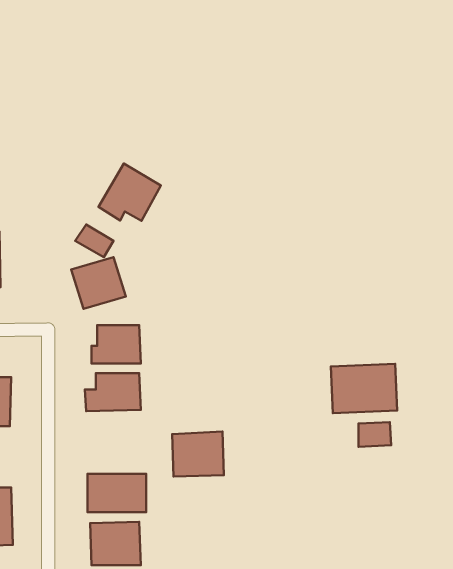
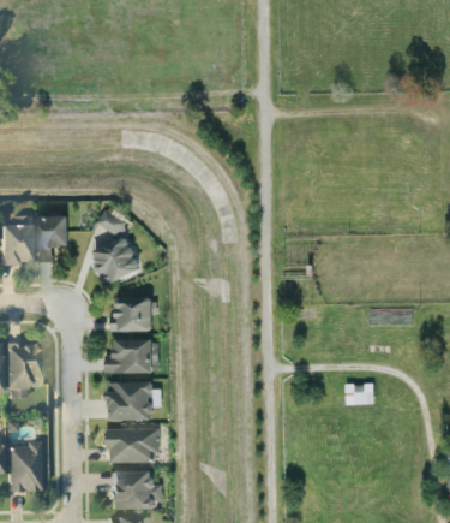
building: [99,163,161,221] -> none
building: none -> [36,215,70,262]
building: [331,364,397,413] -> none
building: [172,432,224,477] -> [109,380,155,420]

